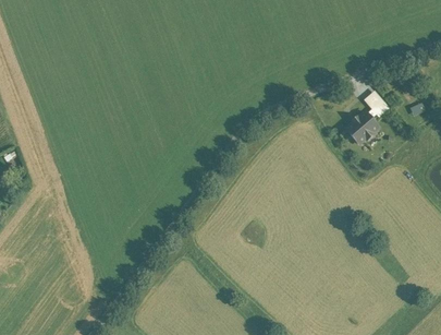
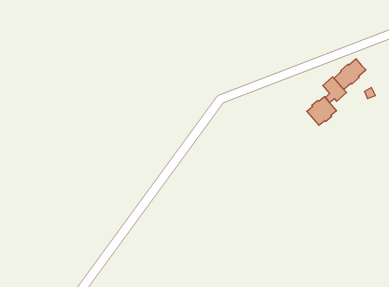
building: none -> [334,59,366,90]

